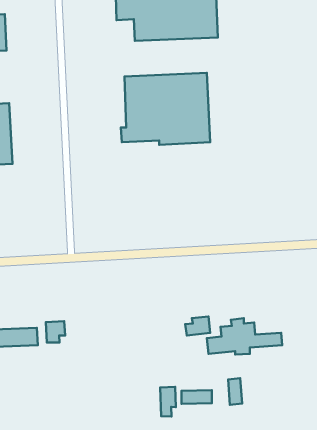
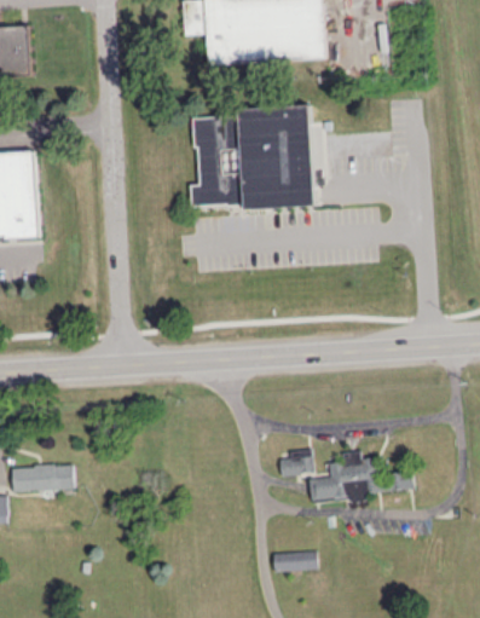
building: [46,321,65,343] -> none
building: [228,378,242,405] -> none
building: [160,387,176,417] -> none

